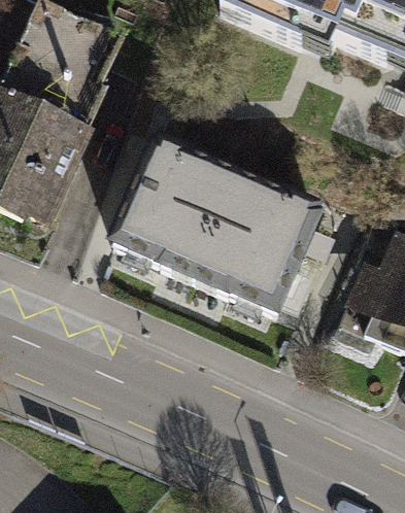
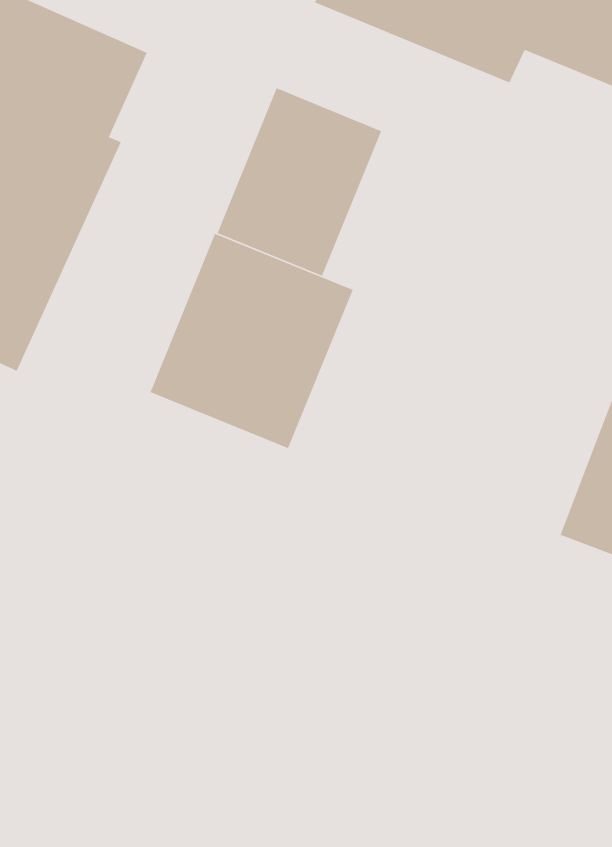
building: none -> [217,87,382,277]
building: [200,175,322,305] -> none

